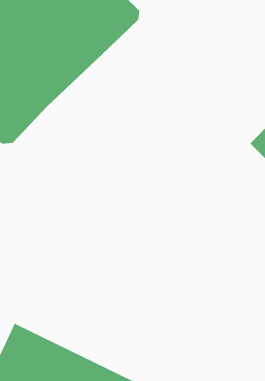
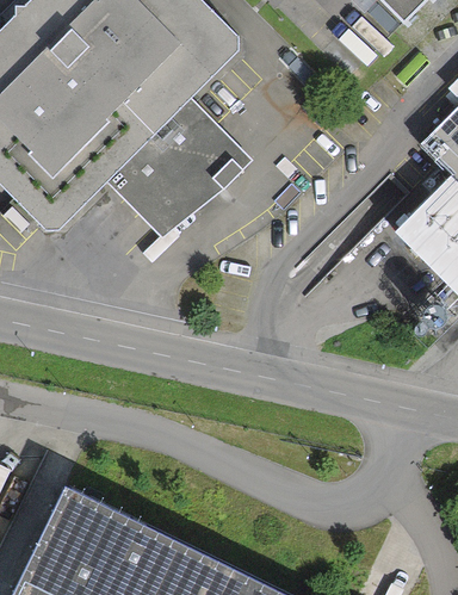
building: none -> [109,99,255,236]

